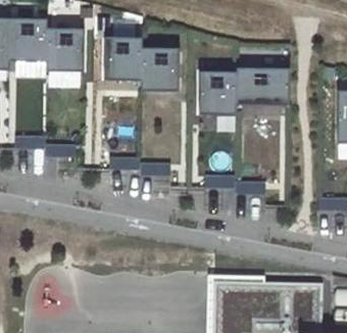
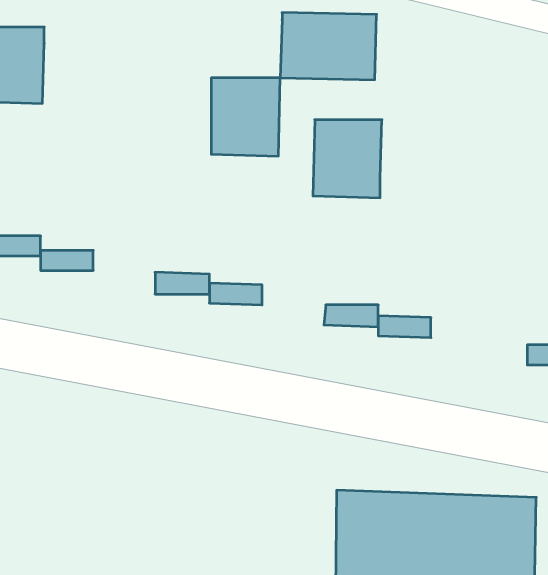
building: [46,30,84,73] -> none
building: [103,38,142,82] -> none
building: [236,68,290,106] -> [280,13,377,80]

